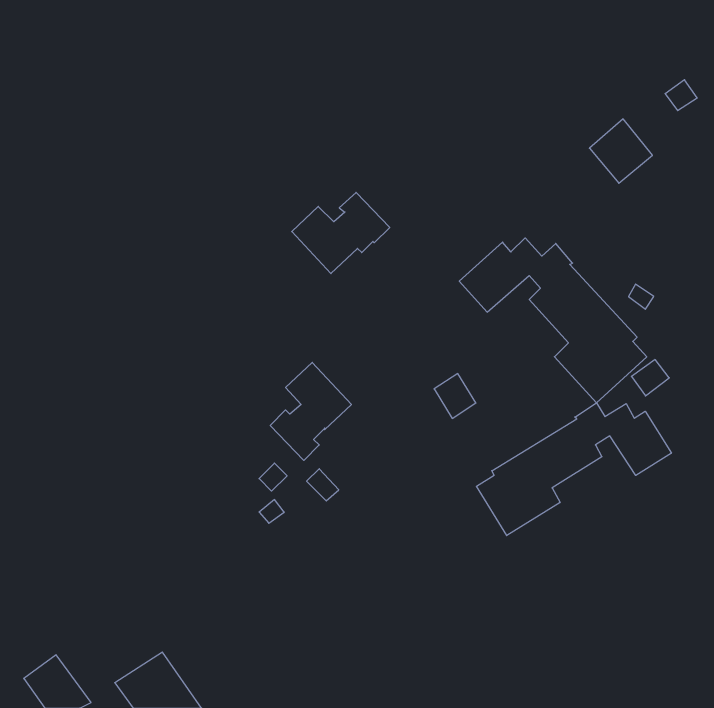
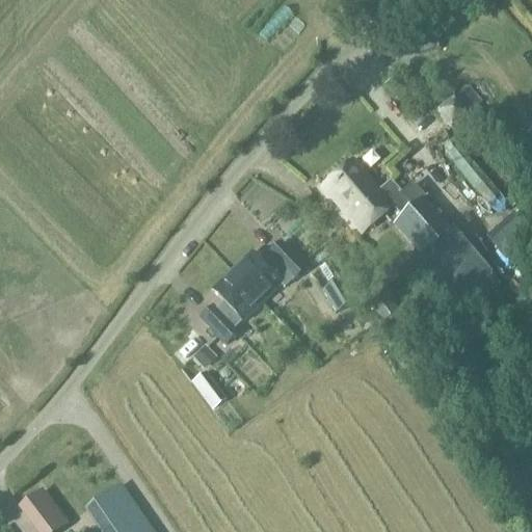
building: [292,192,390,274] -> [232,240,304,300]
building: none -> [320,157,373,209]
building: [476,403,671,536] -> none

